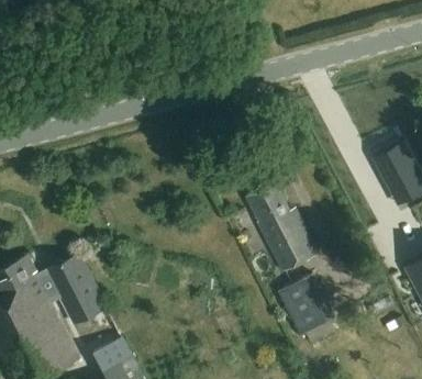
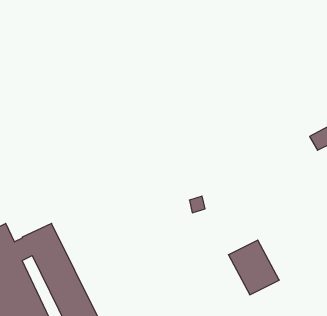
building: [246,183,316,270] -> none

